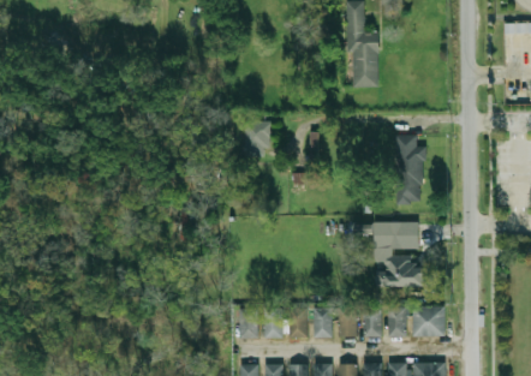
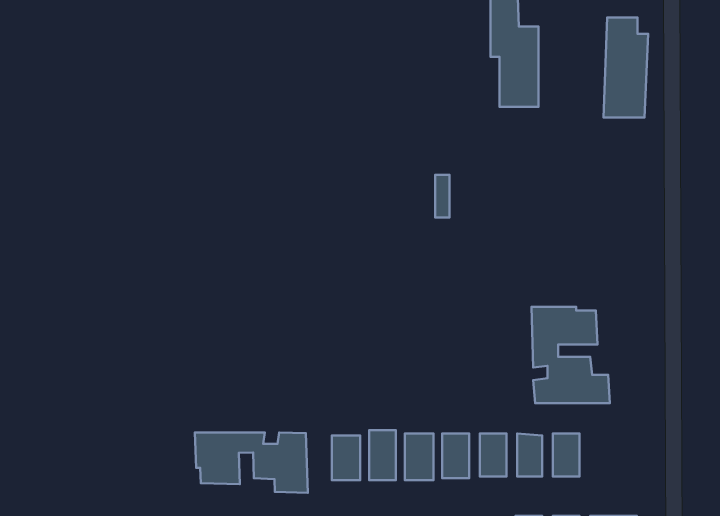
building: [244,121,268,155] -> none
building: [393,137,423,204] -> [604,18,648,118]
building: none -> [195,432,308,493]
building: [411,308,443,336] -> none

